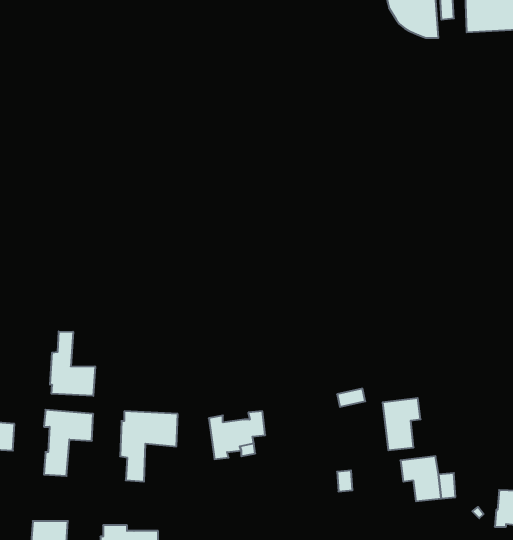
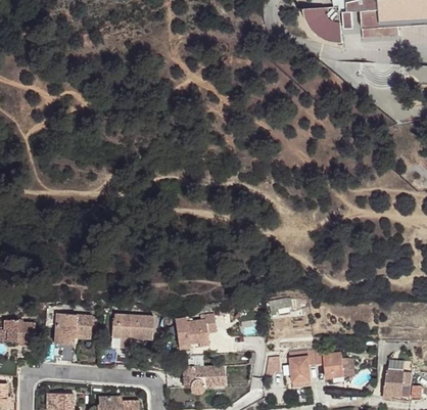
building: [50,331,95,396] -> none
building: [383,398,421,450] -> [289,350,317,388]
building: none -> [183,365,225,394]

